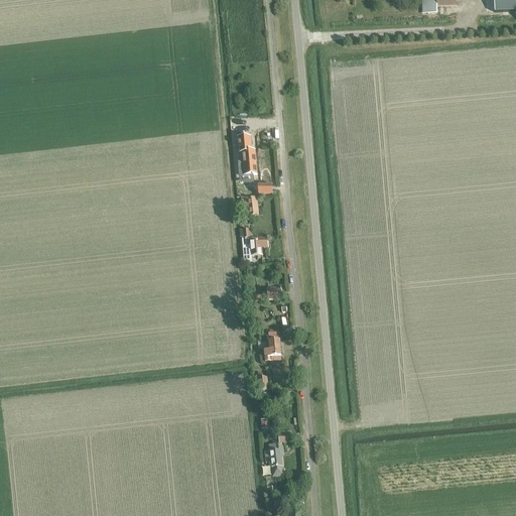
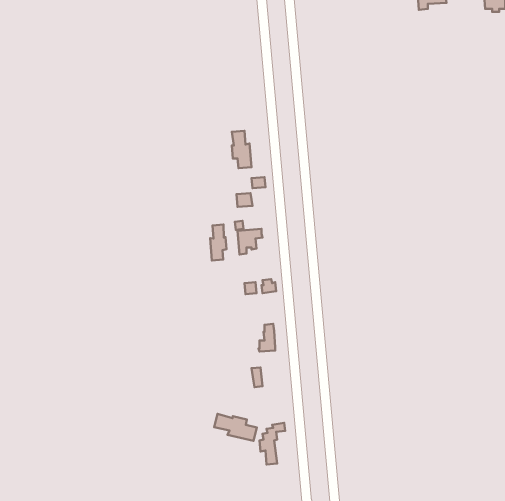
building: none -> [210,224,227,260]
building: none -> [214,414,257,441]

